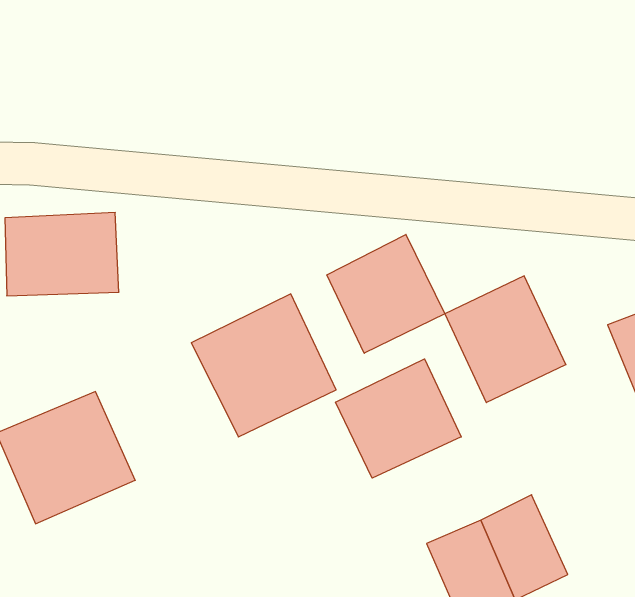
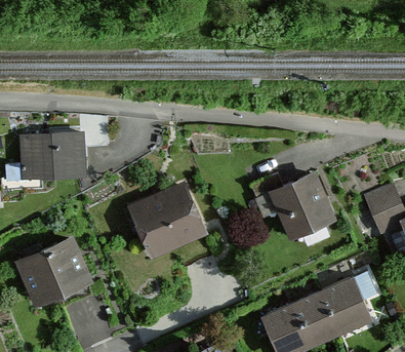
building: [327,234,445,353] -> none
building: [336,359,461,478] -> none
building: none -> [319,279,370,338]

